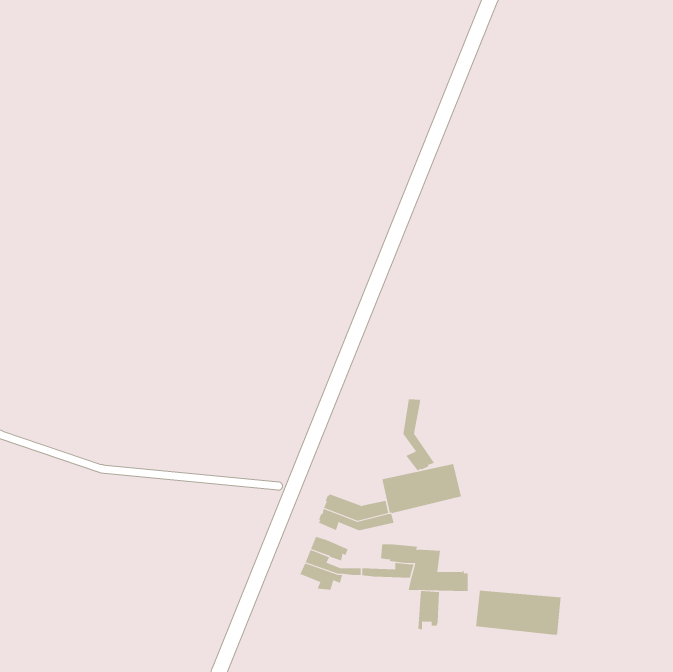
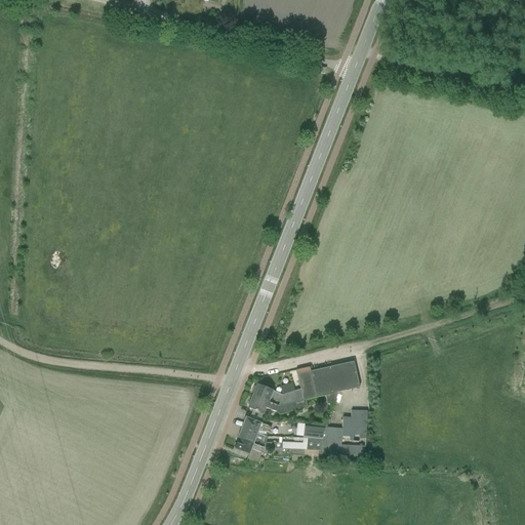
building: [403,399,435,471] -> none
building: [476,590,561,635] -> none
building: [417,590,440,630] -> [350,409,367,440]

